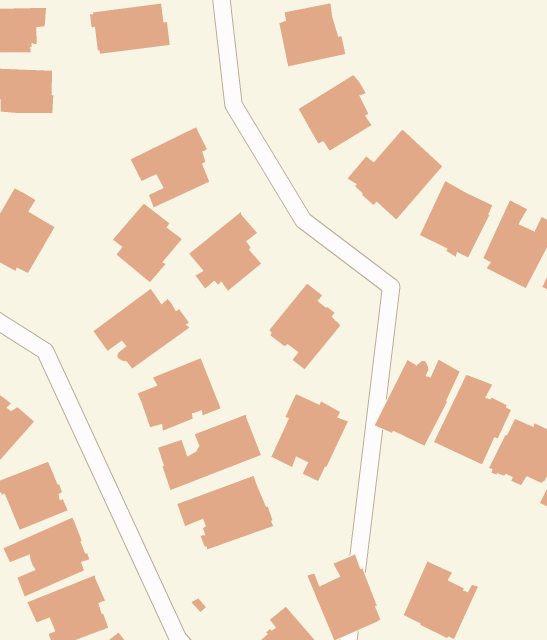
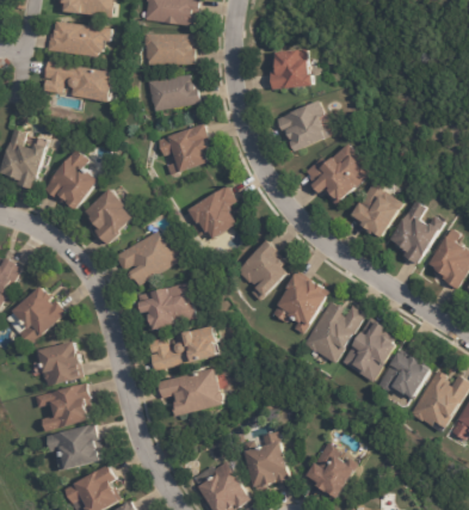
building: none -> [144,73,199,110]
building: [112,203,183,283] -> [85,188,134,244]
building: [271,393,349,482] -> [271,271,328,334]

